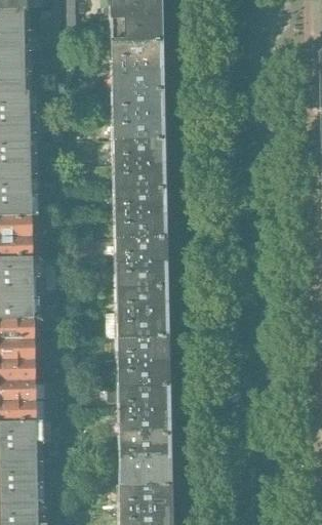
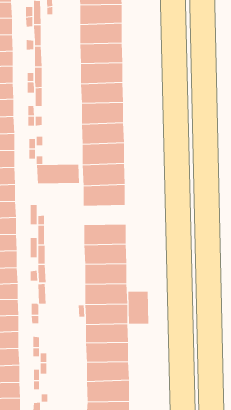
building: [114,265,168,289] -> [36,164,80,184]
building: none -> [128,291,149,325]

